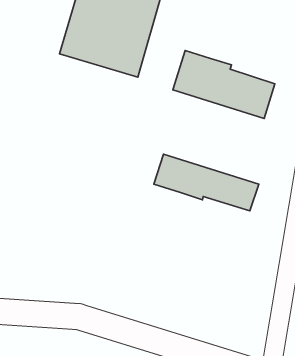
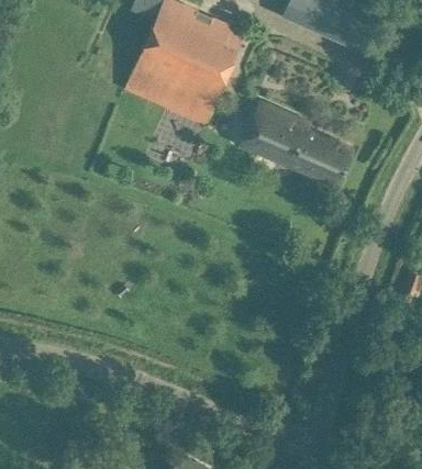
building: [154,154,259,211] -> none

